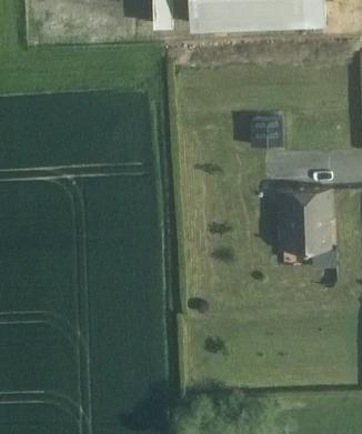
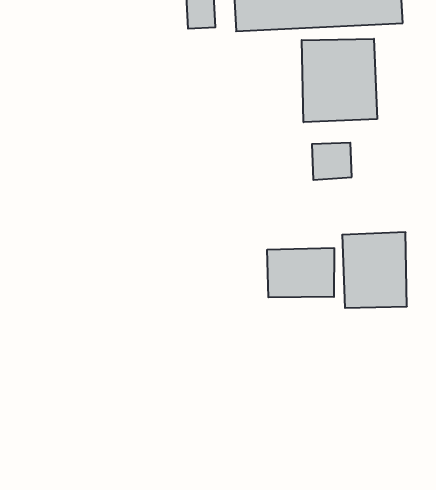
building: none -> [302,39,377,122]
building: none -> [267,248,334,297]

